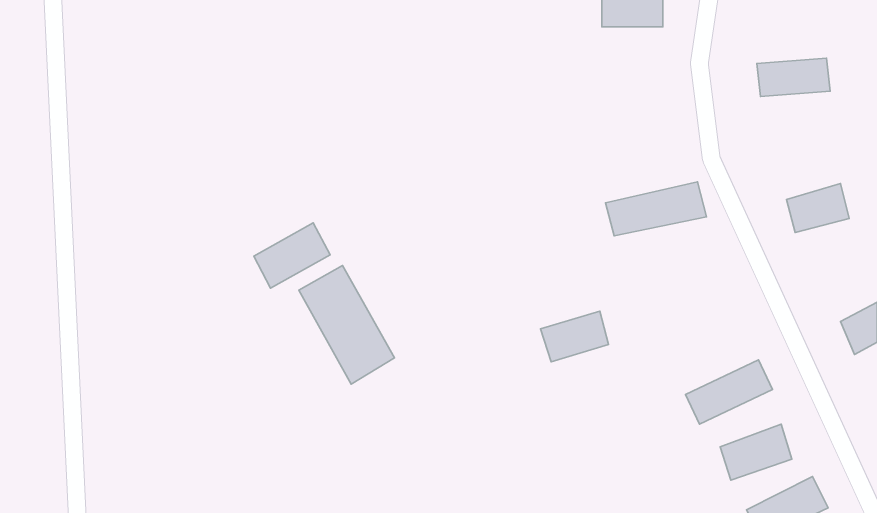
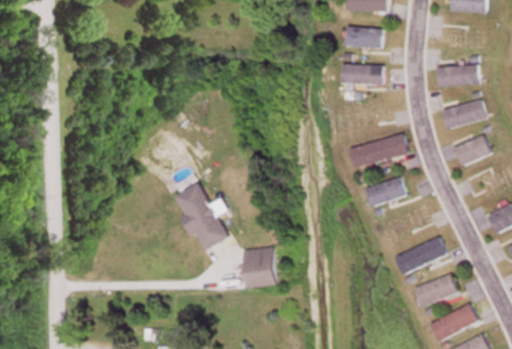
building: none -> [342,64,383,83]
building: none -> [441,100,485,128]
building: [254,223,330,288] -> none
building: [541,311,609,362] -> [366,178,405,207]
building: none -> [243,247,276,286]

